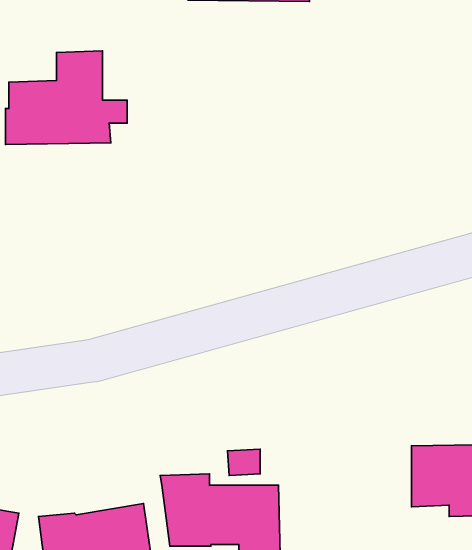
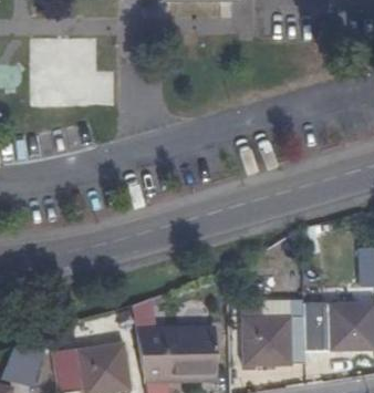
building: none -> [245,316,308,364]

